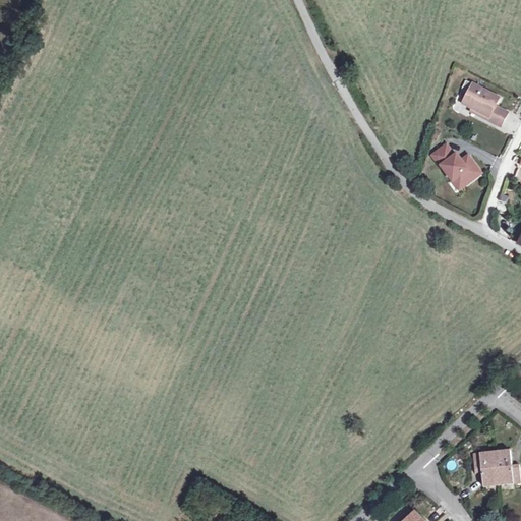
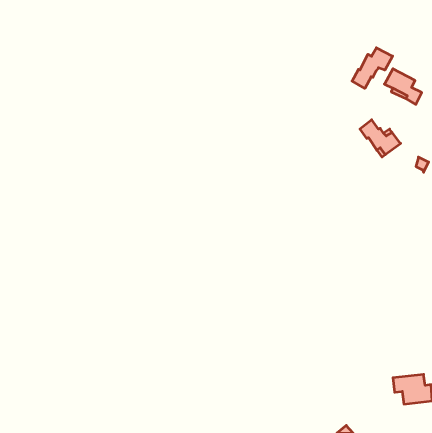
building: none -> [352,48,393,88]

